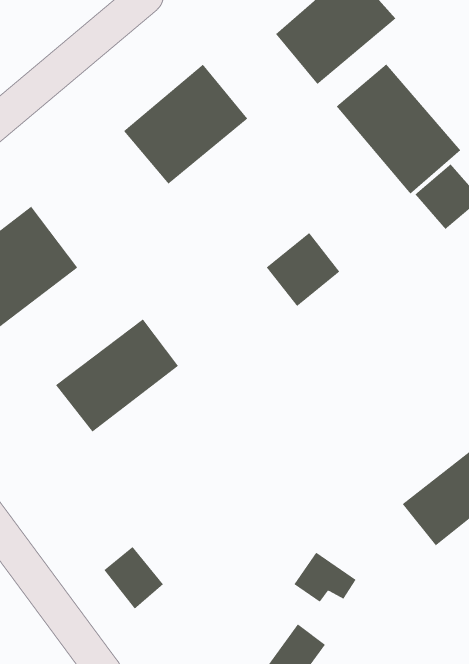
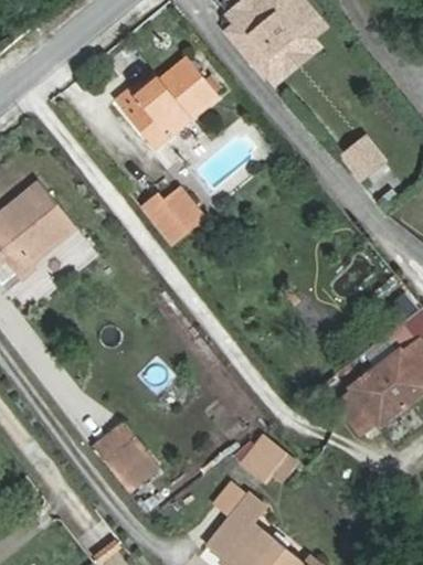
building: [336,64,461,194] -> none
building: [266,232,340,307] -> [147,185,205,244]
building: [55,319,179,433] -> none

